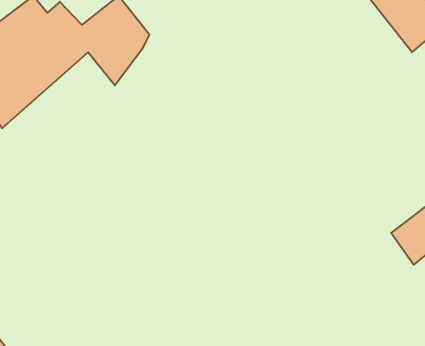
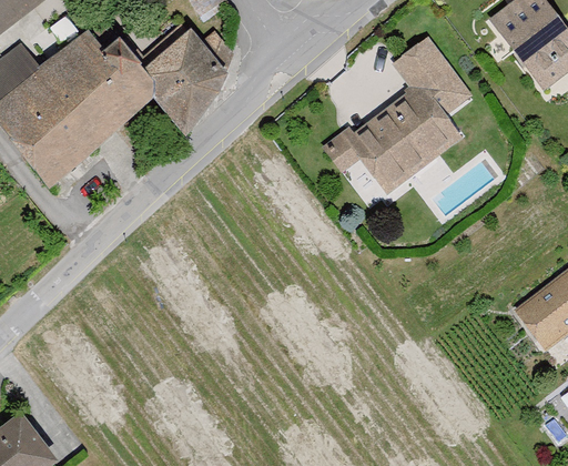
building: none -> [322,41,473,197]

